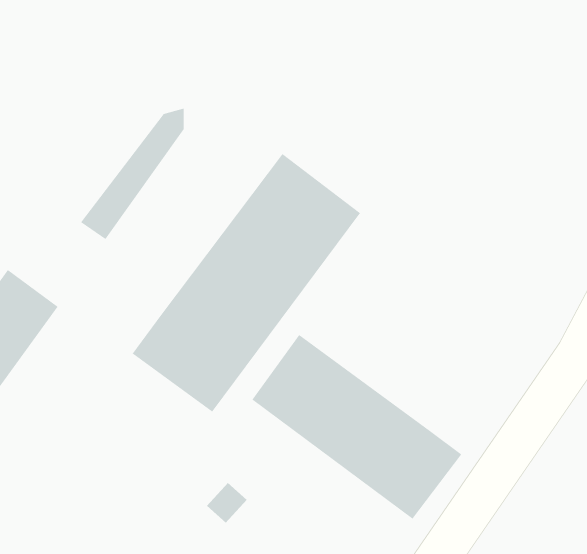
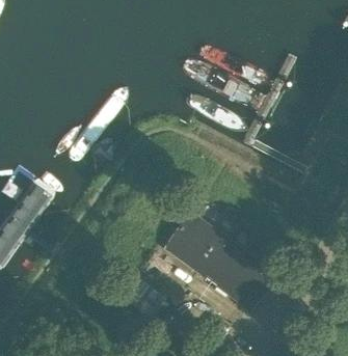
building: [132,153,361,413] -> none

